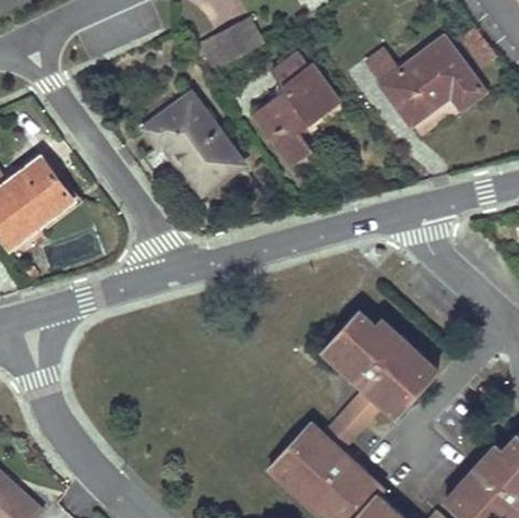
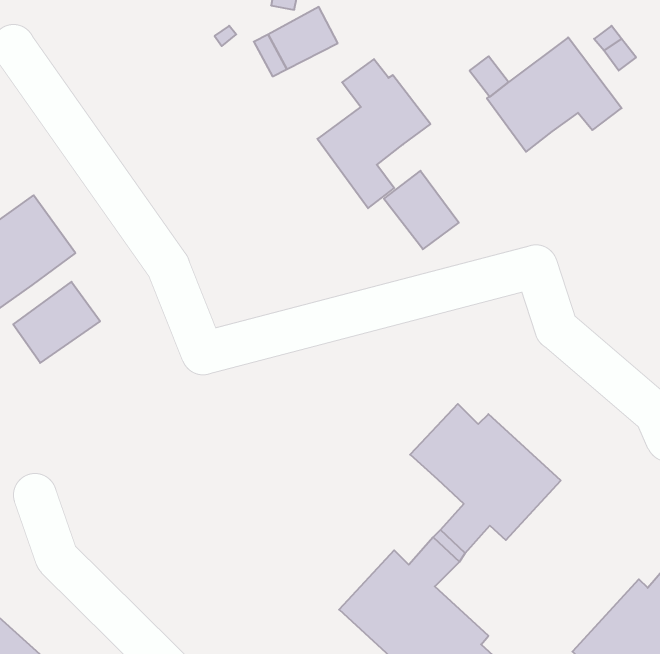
building: [142,94,241,195] -> none
building: none -> [384,171,459,249]
building: none -> [13,282,100,363]

